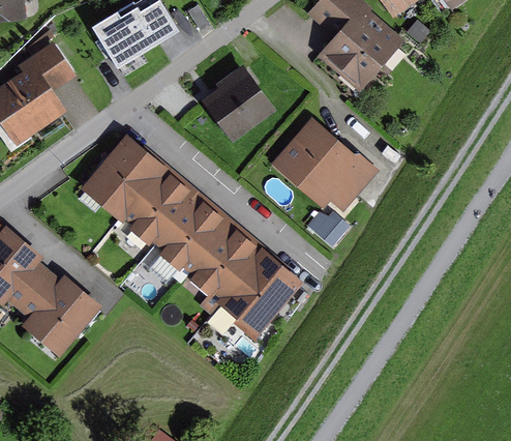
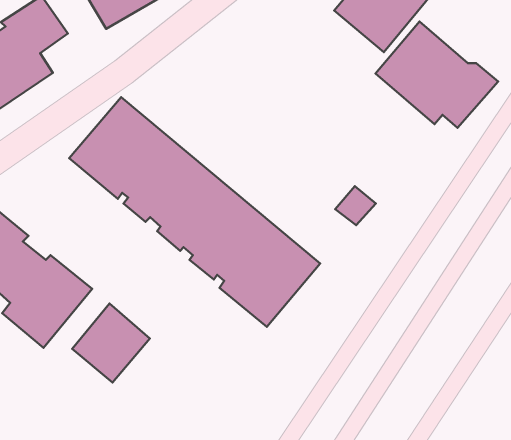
building: [202,63,276,142] -> none
building: [271,116,381,211] -> [375,21,498,128]
building: none -> [72,304,150,383]

